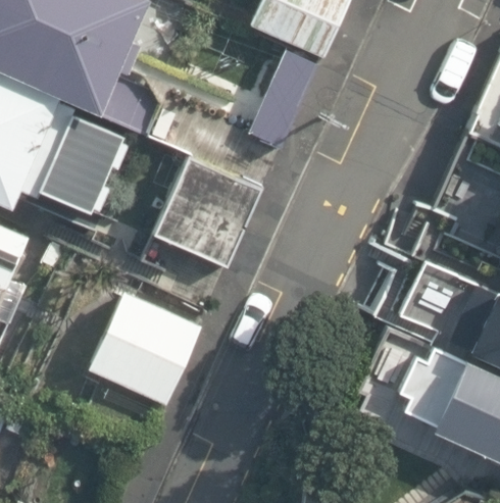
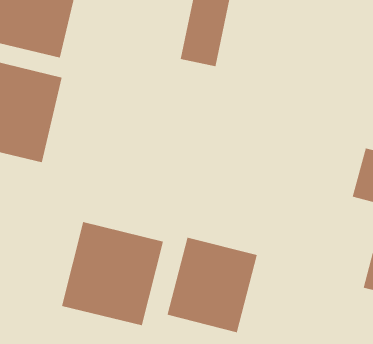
building: [147,158,261,269] -> none
building: none -> [167,237,258,333]

